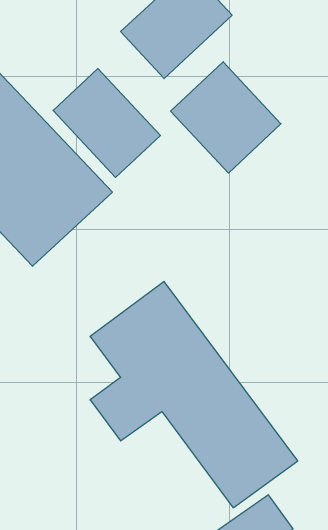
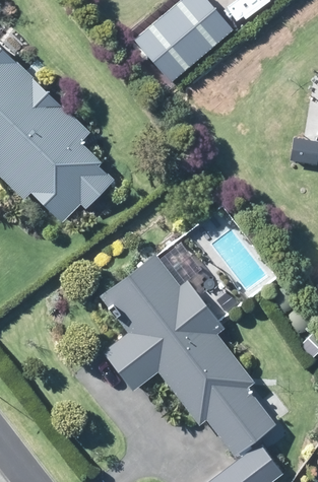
building: [171,62,281,173] -> none
building: [53,69,160,177] -> none

